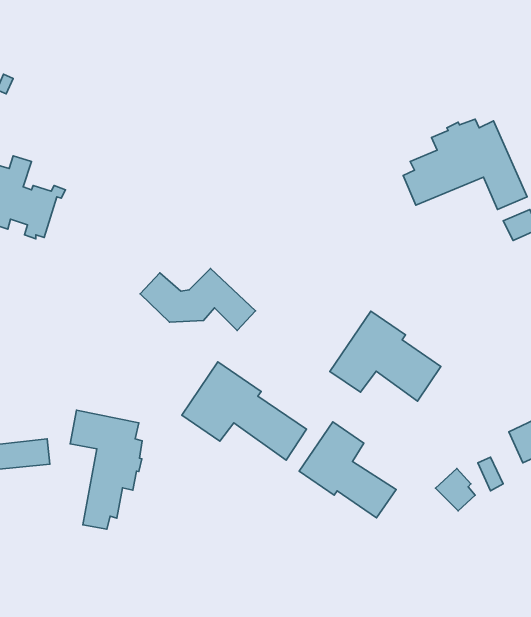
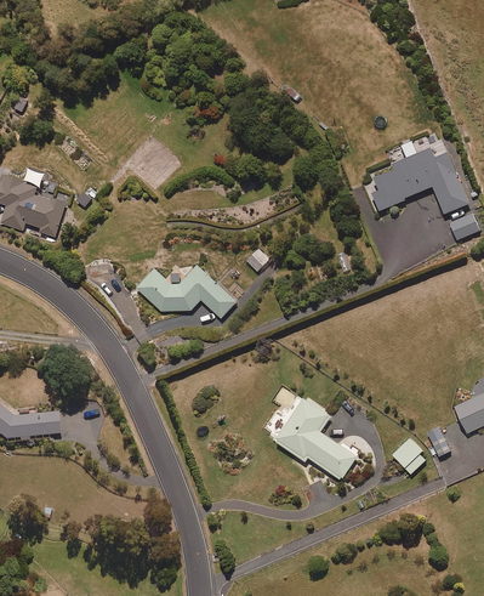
building: [330,311,441,401] -> none
building: [182,362,306,460] -> none
building: [70,410,142,529] -> none

